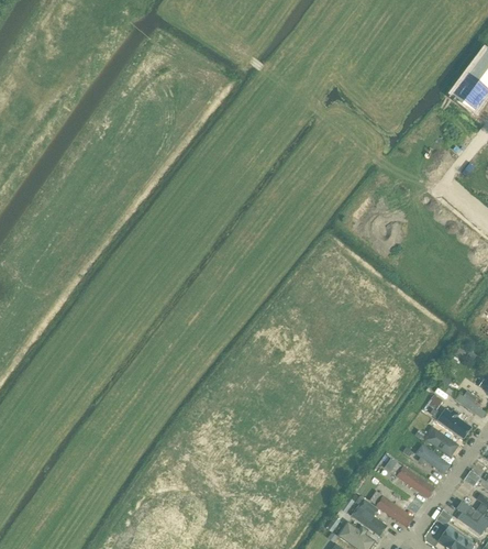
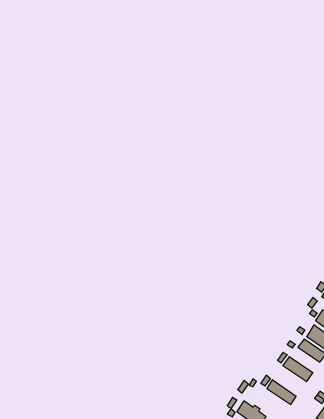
building: [348,499,386,536] -> none

